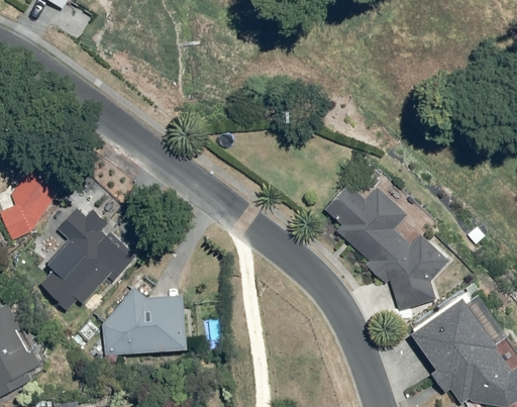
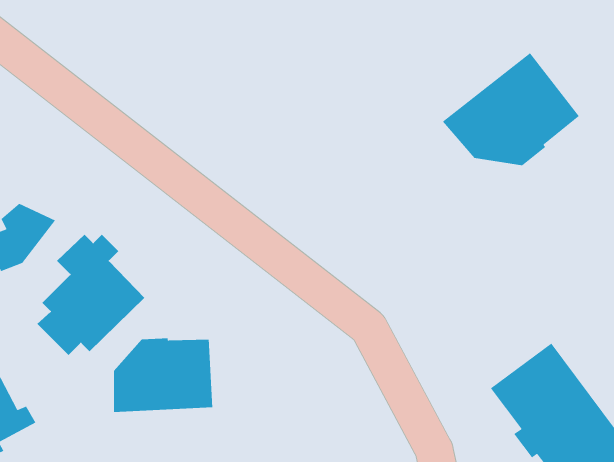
building: none -> [442,52,580,166]
building: [325,160,447,309] -> none

